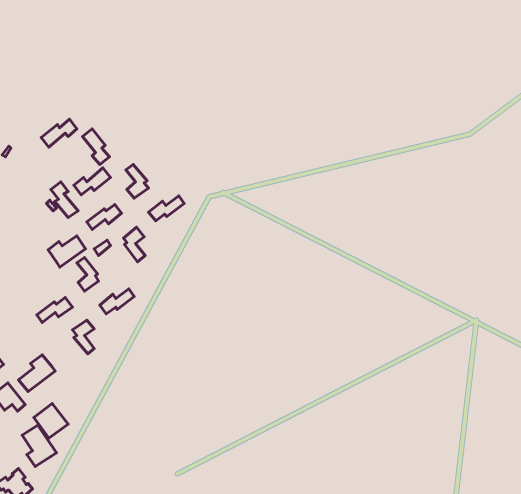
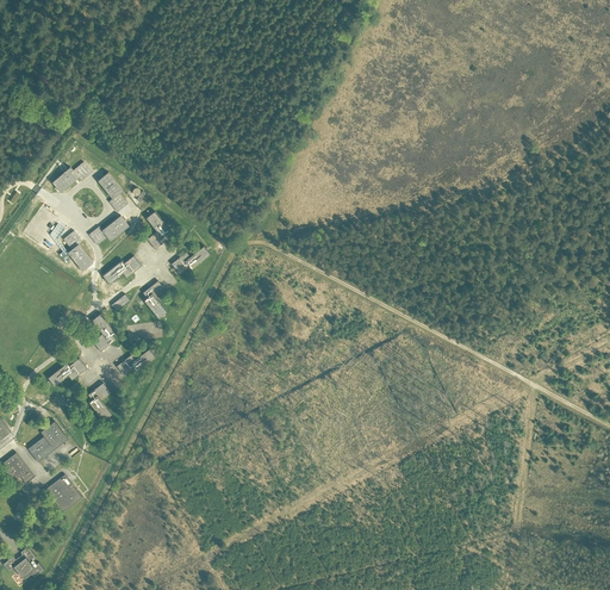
building: [48,236,86,267] -> none
building: [22,425,56,466] -> none

